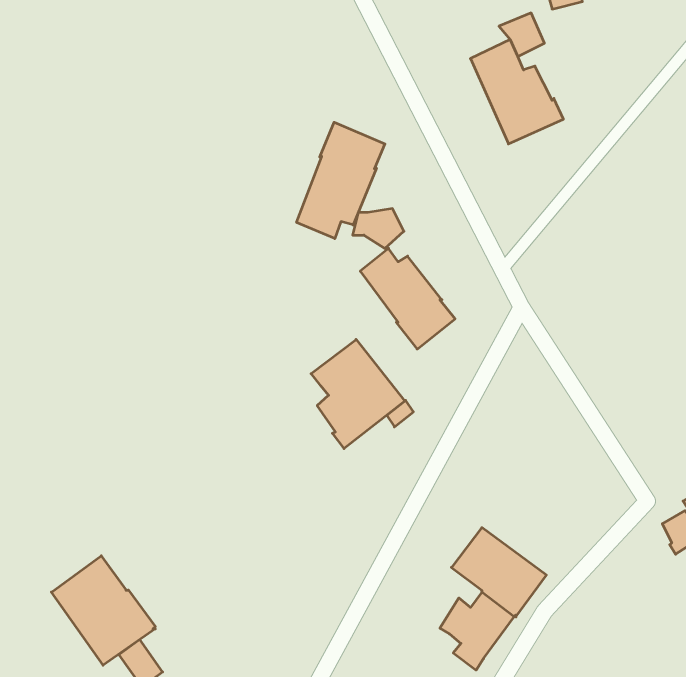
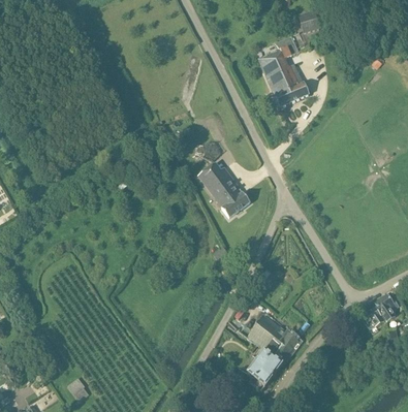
building: [297,122,385,239] -> none
building: [311,339,405,449] -> none
building: [51,556,155,665] -> none

